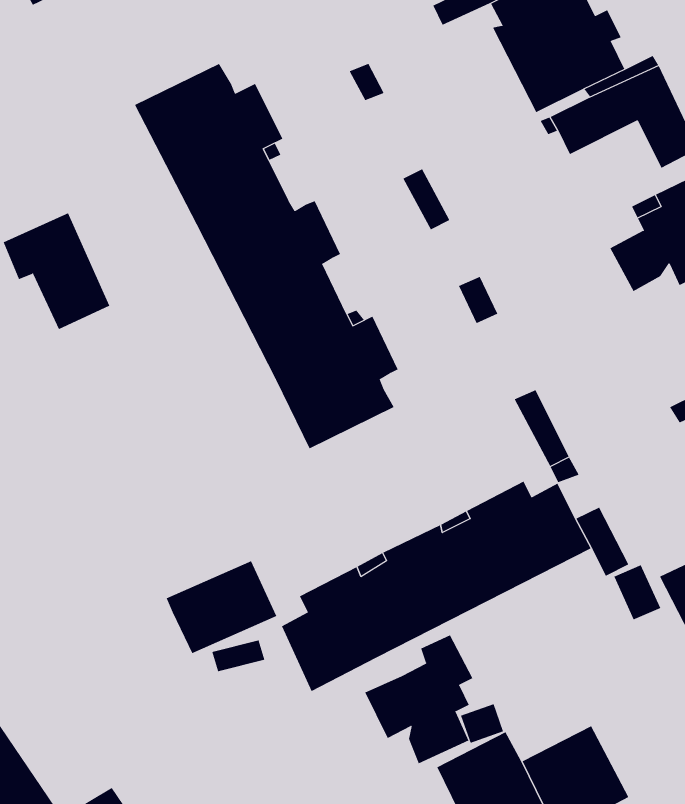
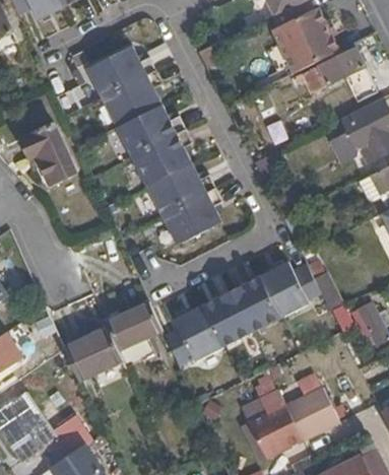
building: none -> [63,328,122,381]
building: [364,634,473,764] -> none

